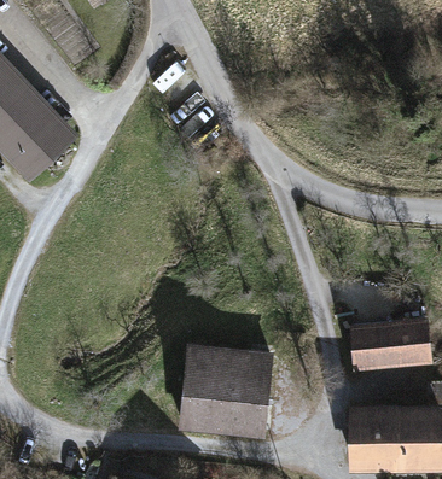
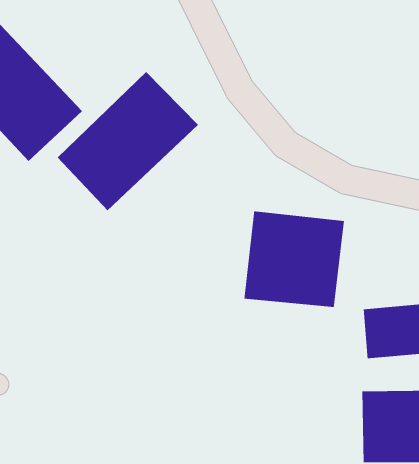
building: none -> [57,71,199,211]
building: [175,344,272,437] -> [243,211,345,308]

